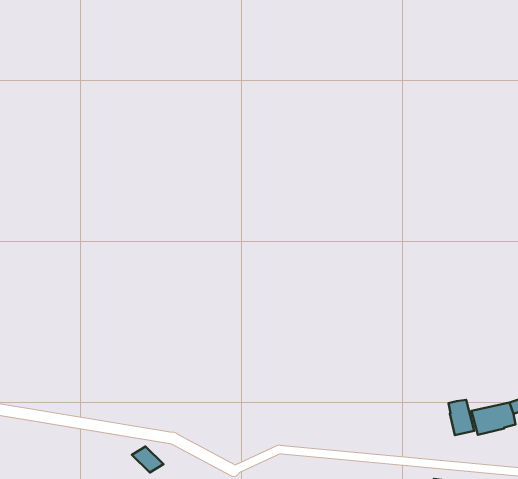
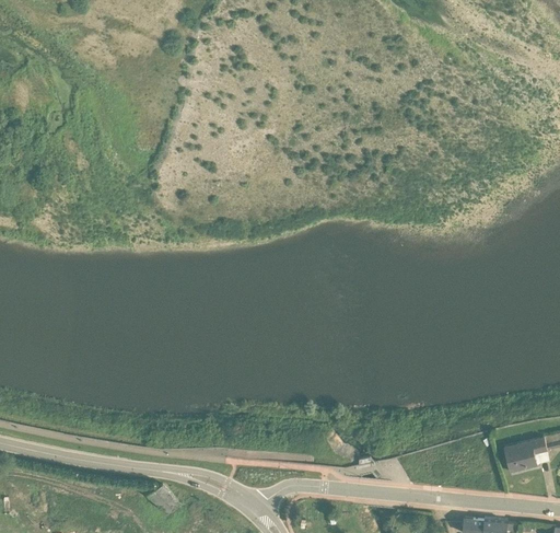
building: [448,400,474,435] -> none

